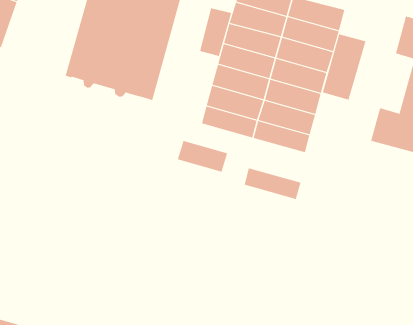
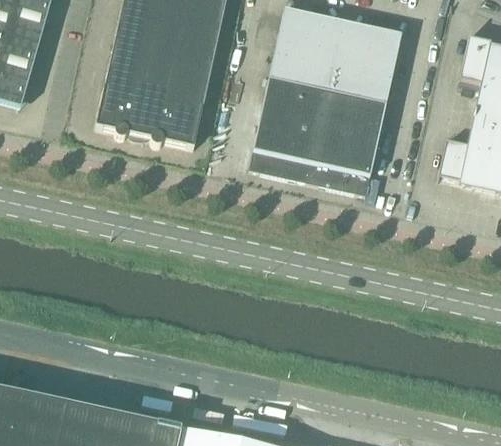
building: [199,7,232,57] -> none
building: [322,34,366,101] -> none
building: [177,140,228,173] -> none
building: [244,167,301,200] -> none

